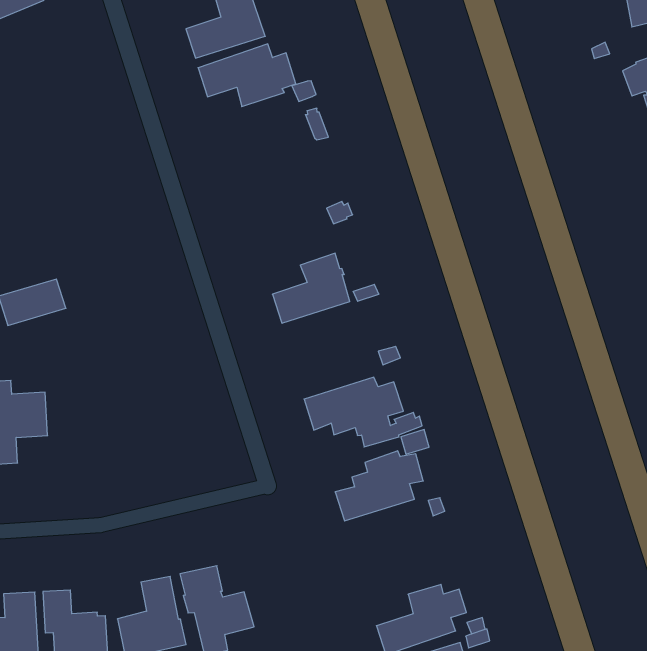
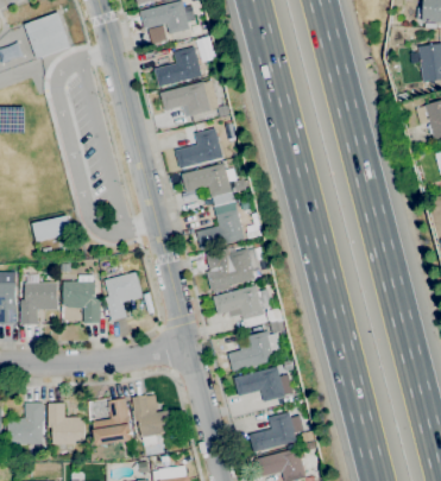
building: none -> [176,128,222,169]
building: none -> [182,163,234,205]
building: none -> [206,247,254,290]
building: none -> [105,271,143,321]
building: none -> [63,276,100,323]
building: none -> [234,366,294,401]

